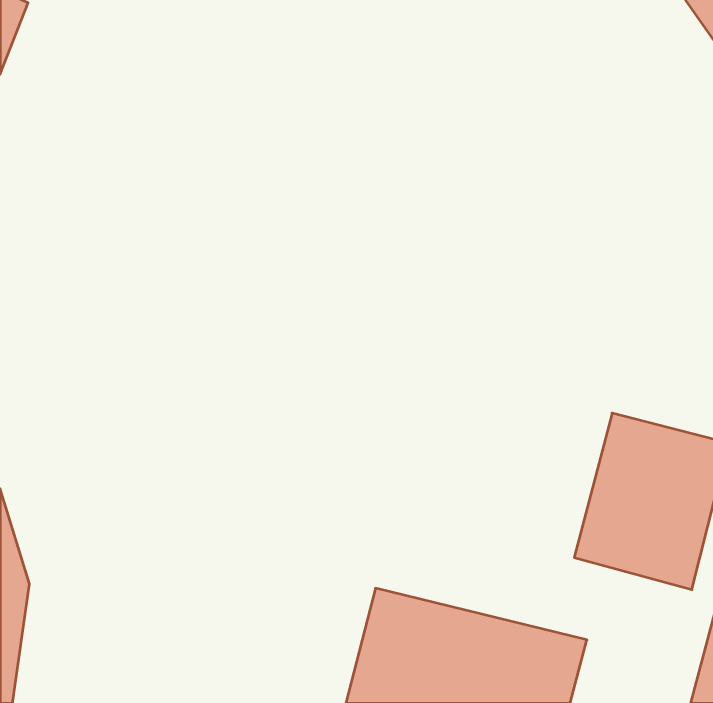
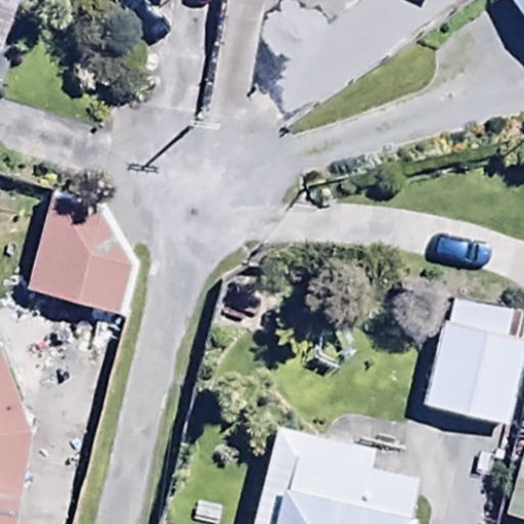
building: none -> [24,193,143,324]

